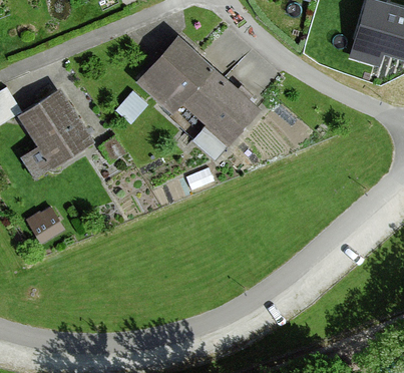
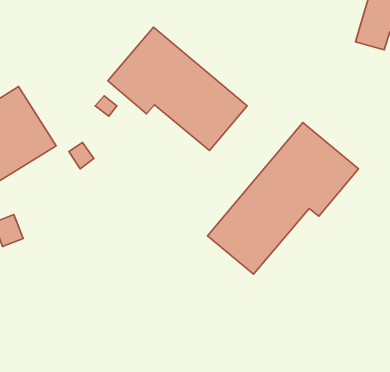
building: none -> [208,123,358,274]

